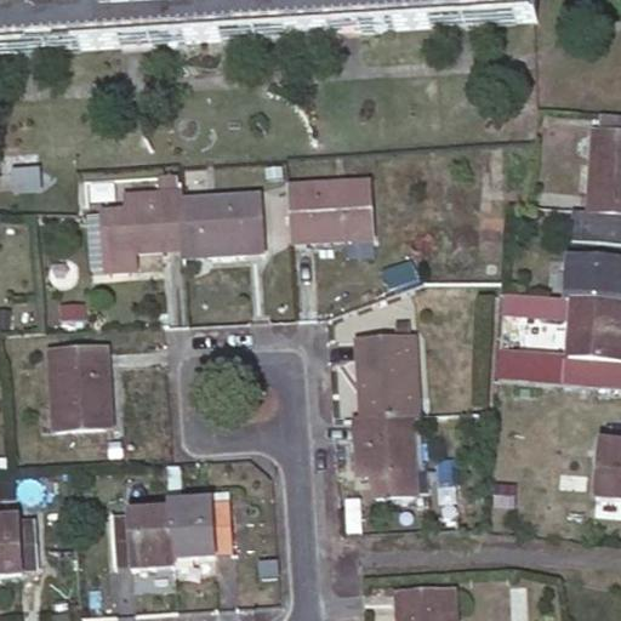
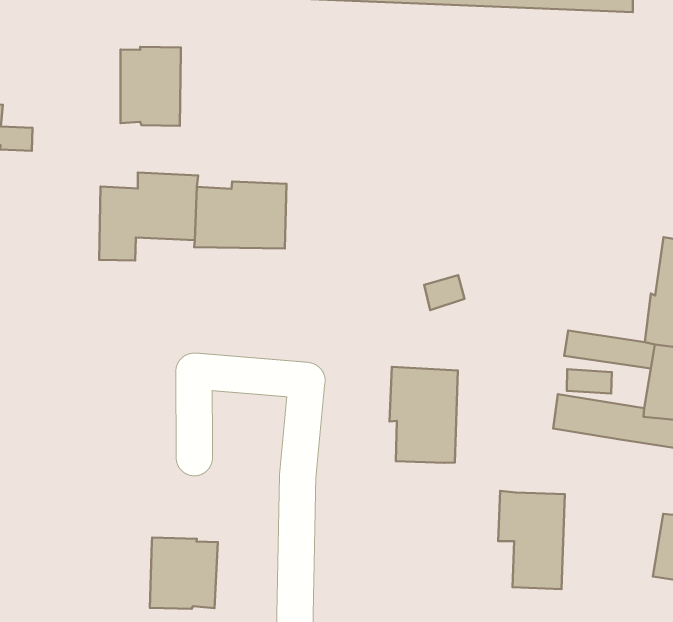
building: none -> [120,47,181,126]
building: [287,178,372,235] -> none
building: [50,342,108,425] -> none
building: [357,412,416,495] -> [498,491,565,589]
building: [113,502,175,563] -> none

